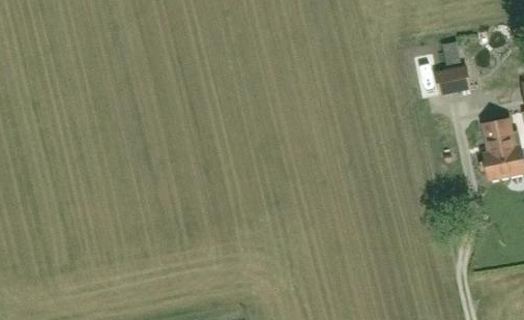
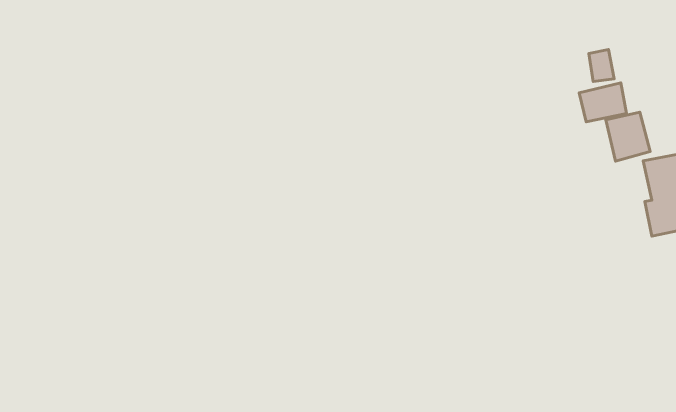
building: none -> [606,112,650,161]

